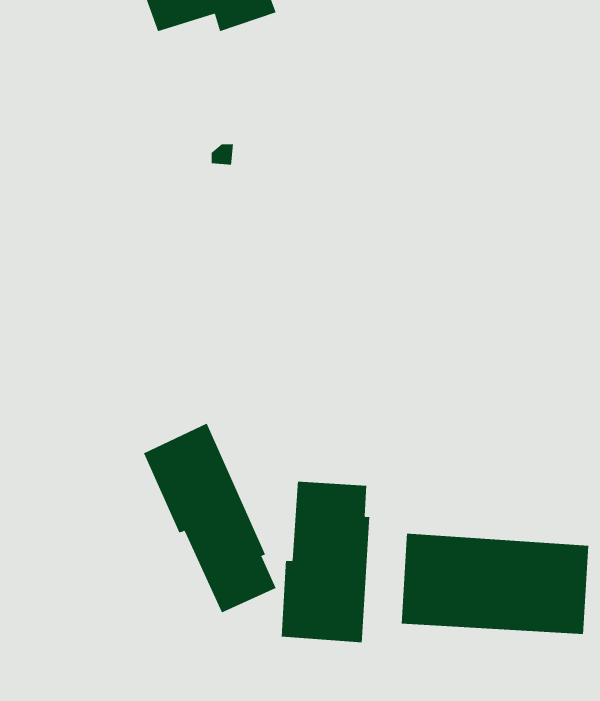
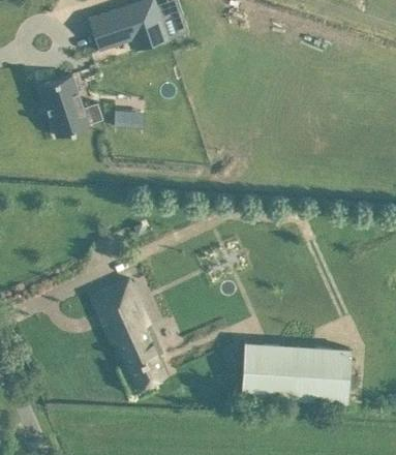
building: none -> [39,74,103,136]
building: [281,481,370,643] -> none

